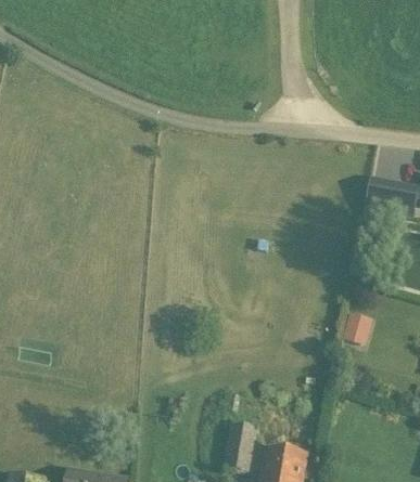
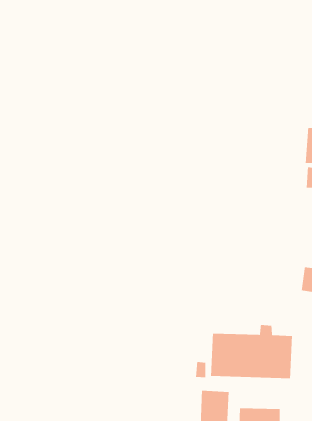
building: none -> [210,324,293,379]

